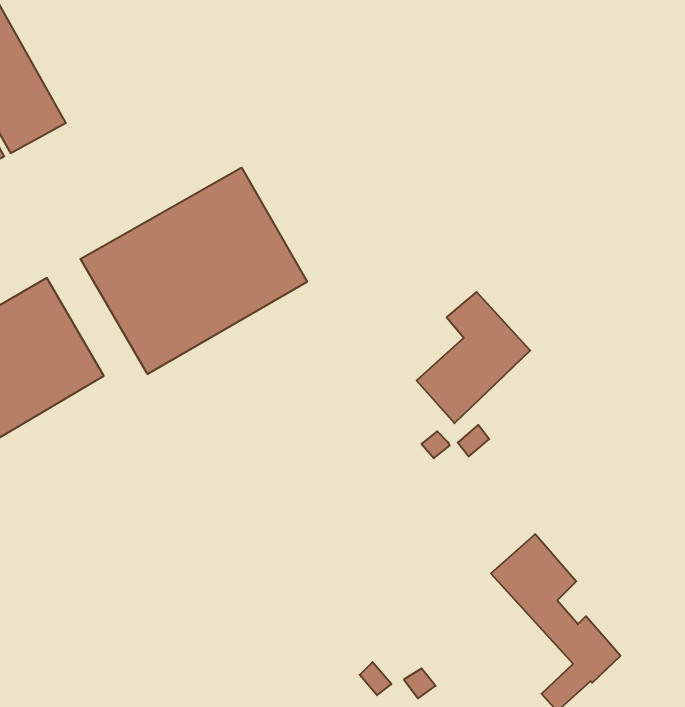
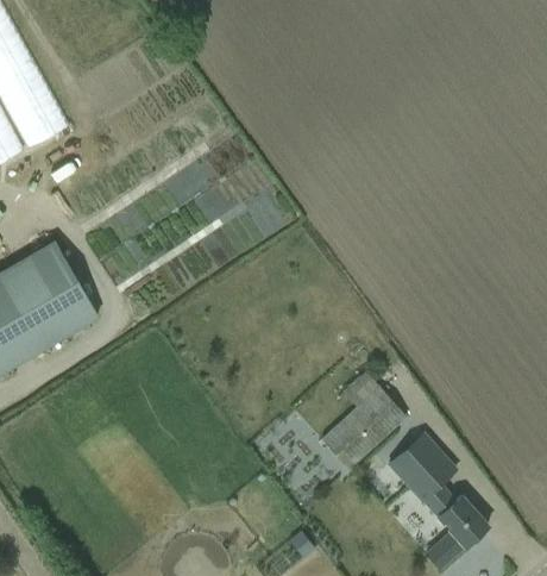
building: [80,168,307,374] -> none
building: [417,292,530,423] -> [320,372,405,471]

